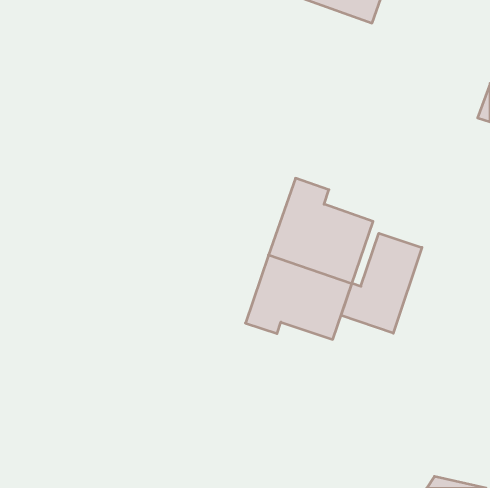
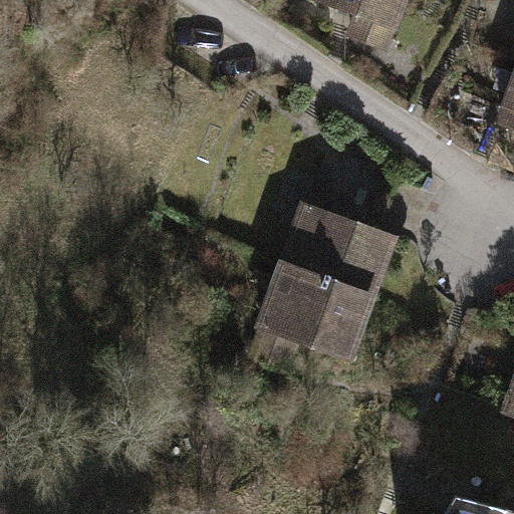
building: [341,233,422,333] -> none

